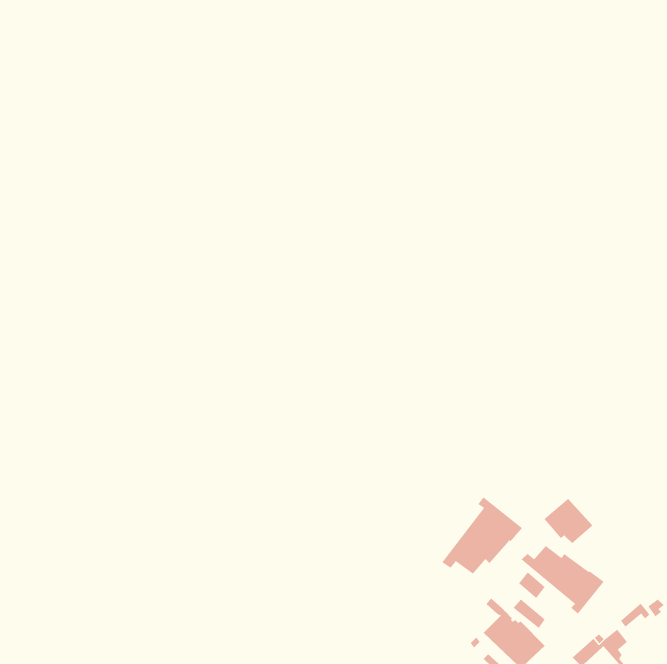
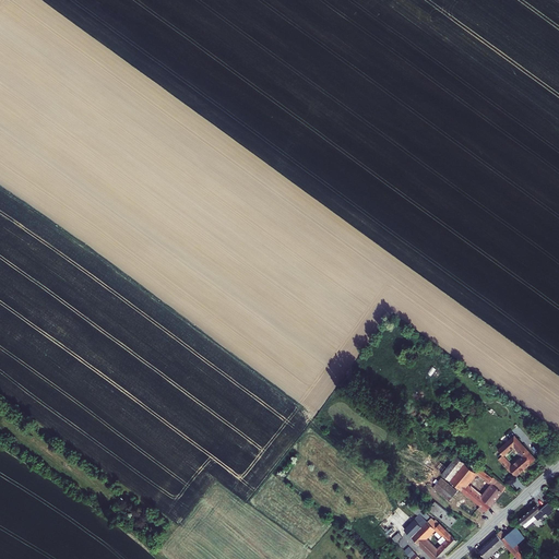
building: [441,496,523,575] -> none
building: [543,498,593,544] -> [493,438,535,476]

